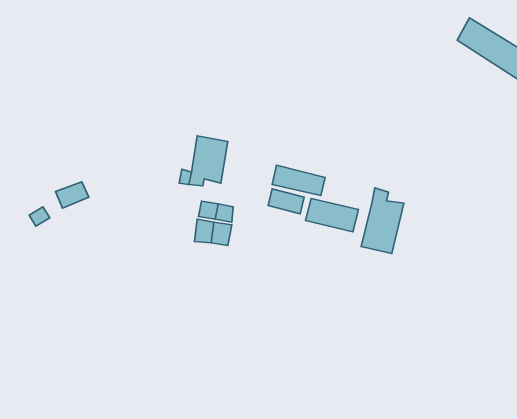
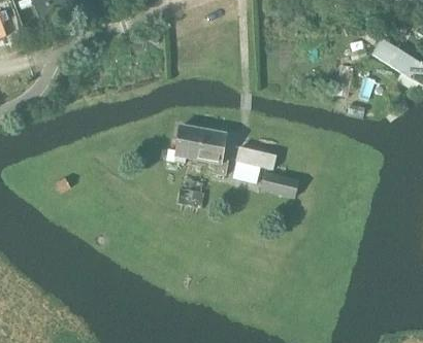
building: none -> [197,129,227,175]
building: [361,188,404,253] -> none

